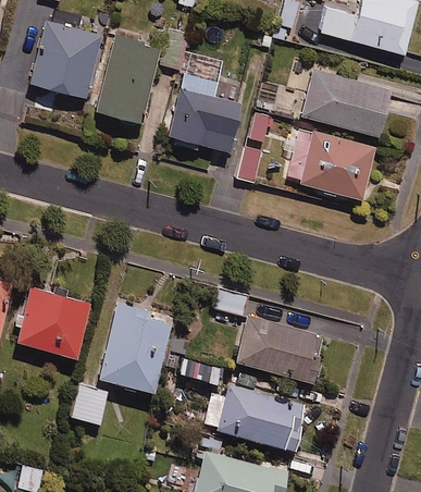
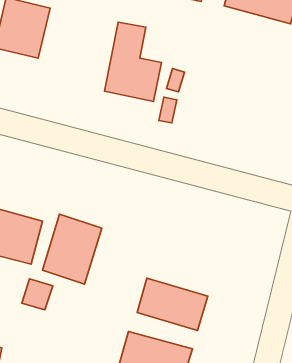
building: [97,35,161,124] -> none
building: [302,70,393,138] -> none
building: [287,128,375,200] -> none
building: [231,309,318,373] -> none

